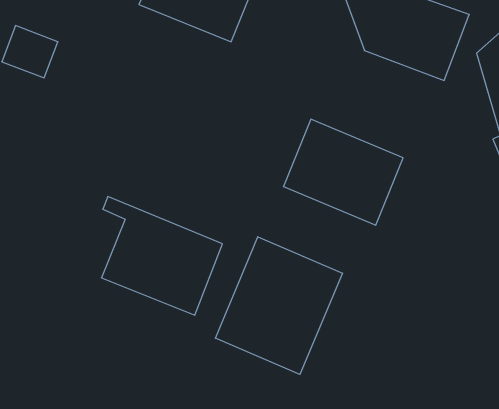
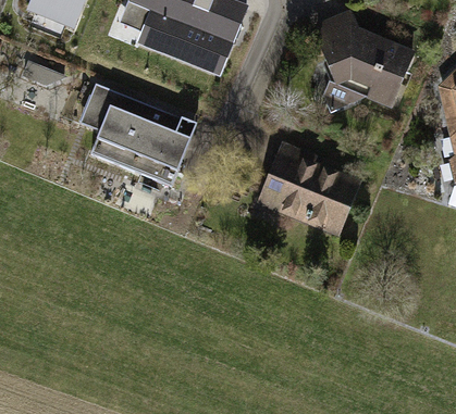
building: [101,197,222,315] -> [89,83,195,186]
building: [215,237,342,374] -> none

